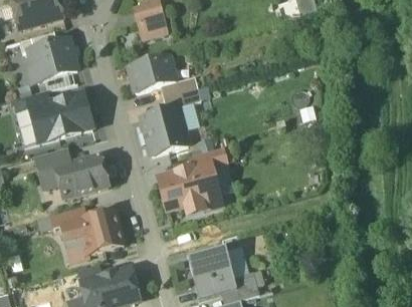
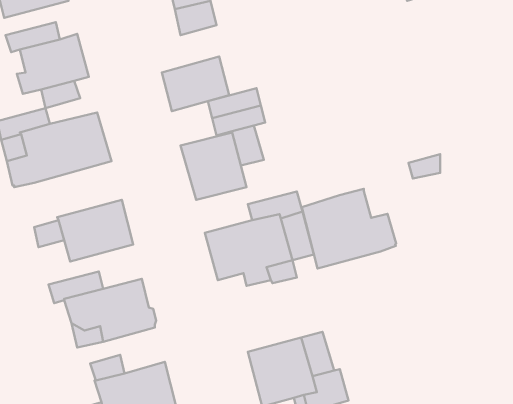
building: none -> [302,189,396,268]
building: [33,147,69,174] -> none

